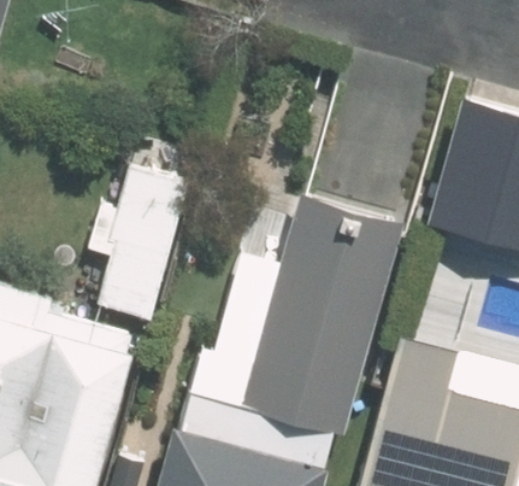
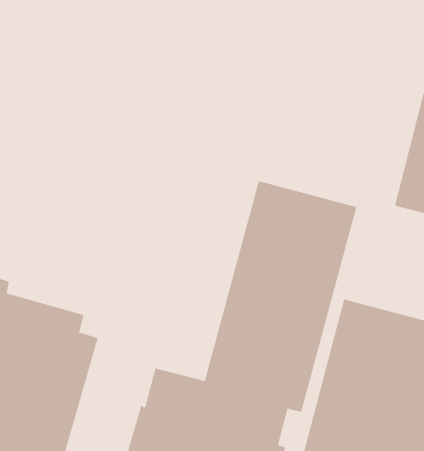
building: [77,160,181,318] -> none

